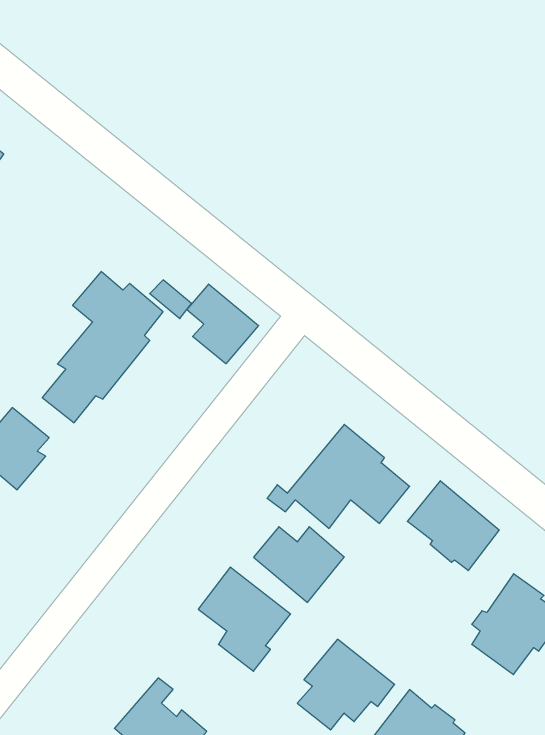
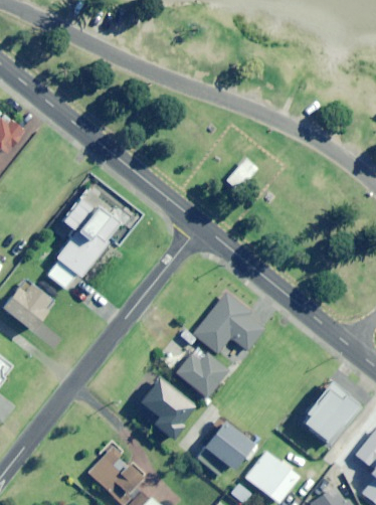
building: none -> [228,159,258,191]
building: [187,284,259,364] -> none
building: [407,481,499,571] -> none

